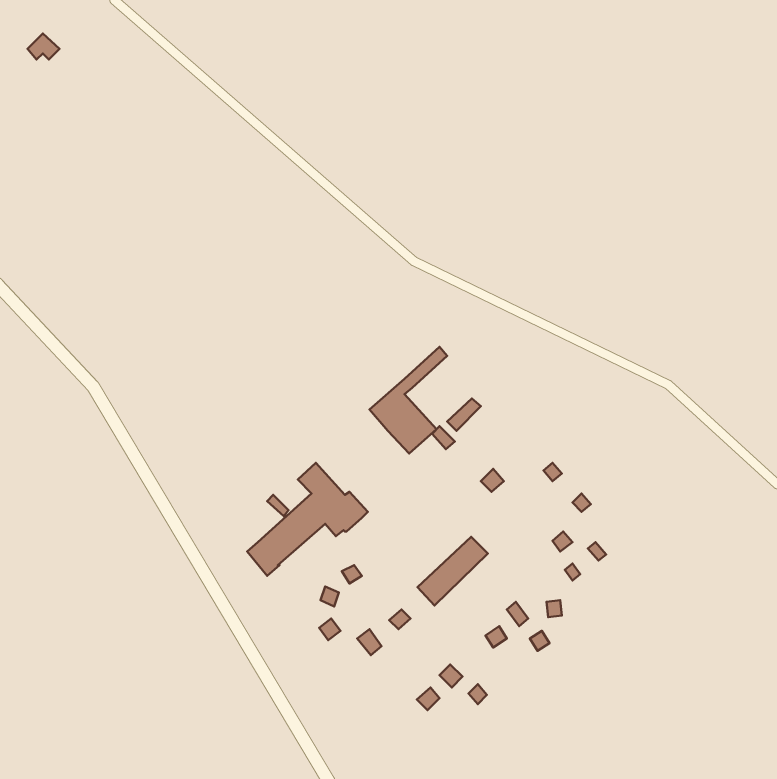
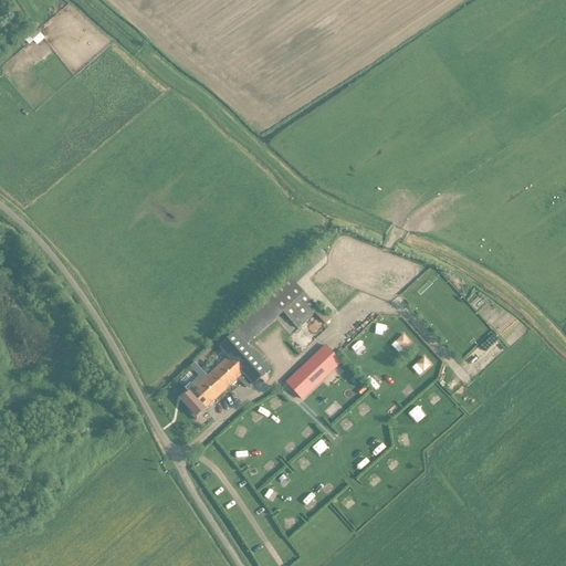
building: [418,537,488,606] -> [284,347,335,397]

